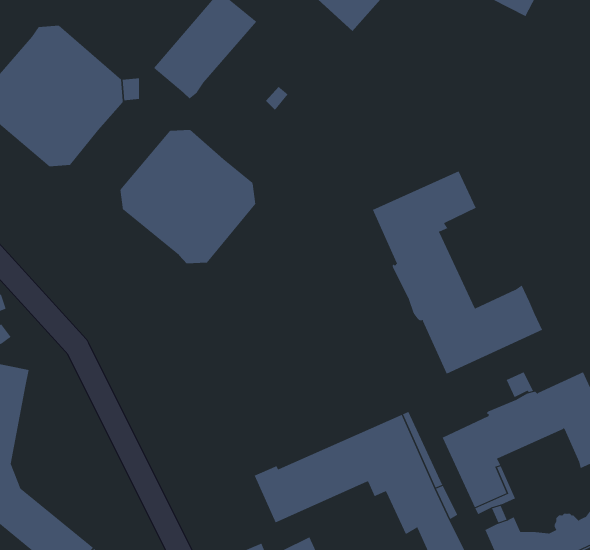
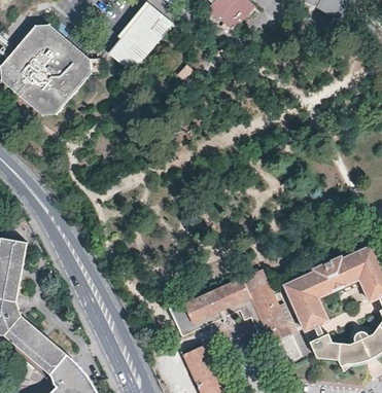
building: [120,129,256,264] -> none
building: [372,170,543,374] -> none

